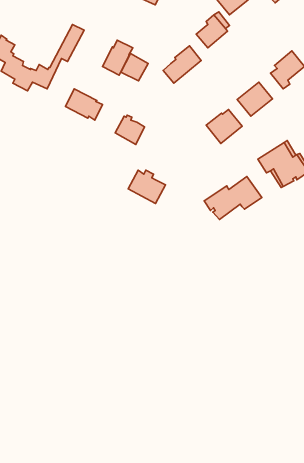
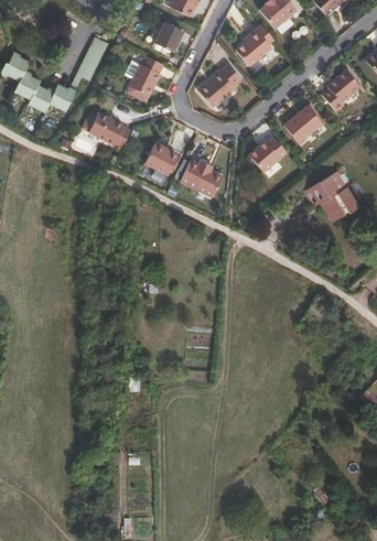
building: [121,54,148,81] -> [153,22,184,53]
building: [128,170,165,203] -> [181,158,223,195]
building: [204,177,262,220] -> none

